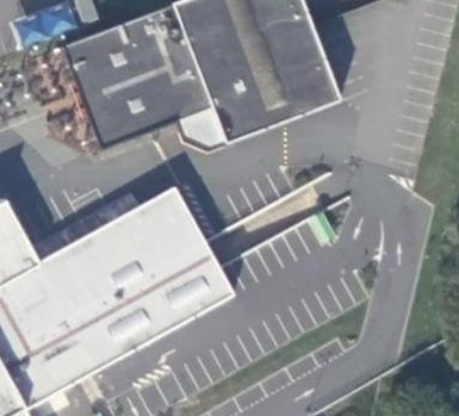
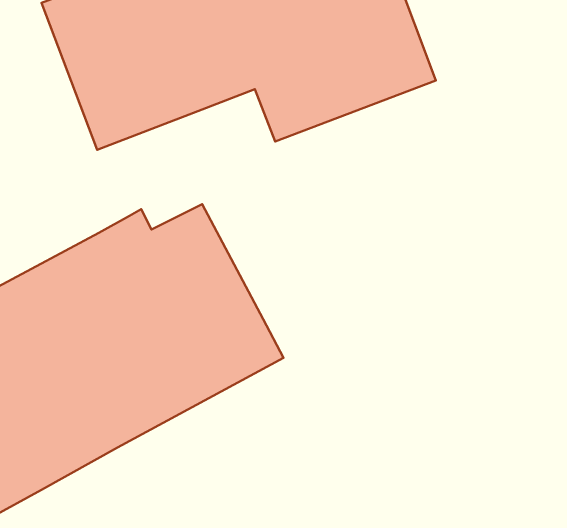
building: [176,105,228,149] -> none

